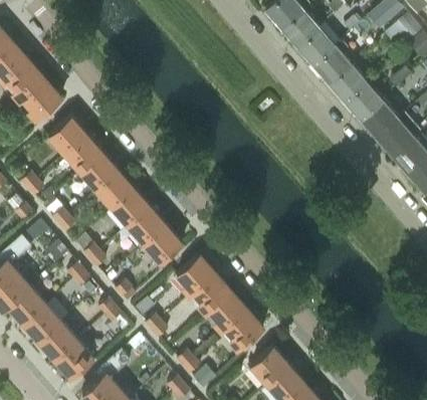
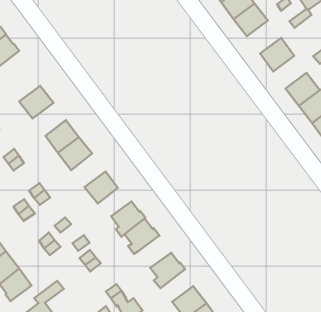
building: [312,42,351,81] -> none
building: [345,81,382,119] -> none
building: [49,117,86,154] -> none
building: [80,153,118,190] -> none
building: [128,206,166,244] -> none
building: [208,292,246,333] -> none

